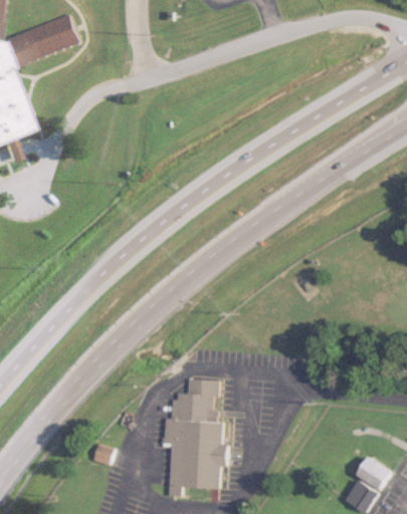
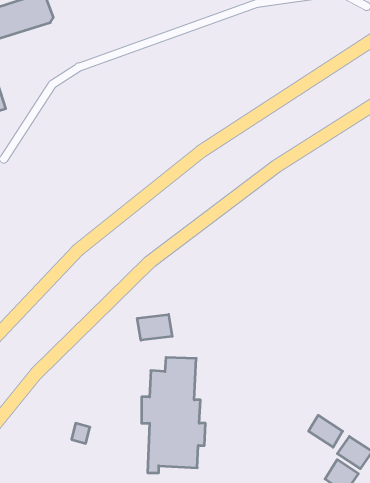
building: none -> [137,314,172,340]
building: none -> [309,415,343,447]

